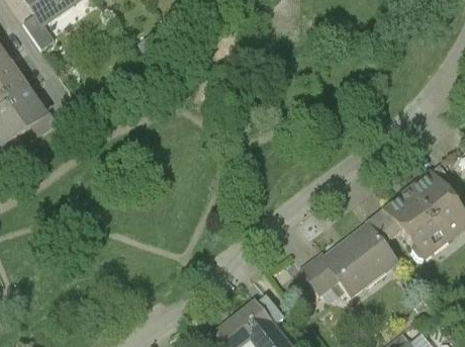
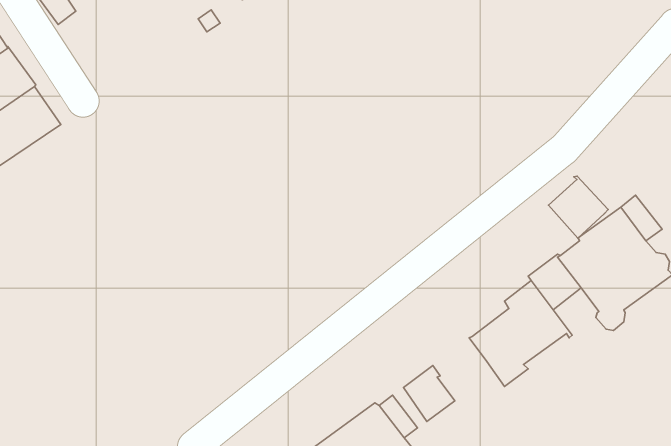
building: none -> [549,176,608,238]
building: [300,255,336,293] -> [403,365,455,421]

